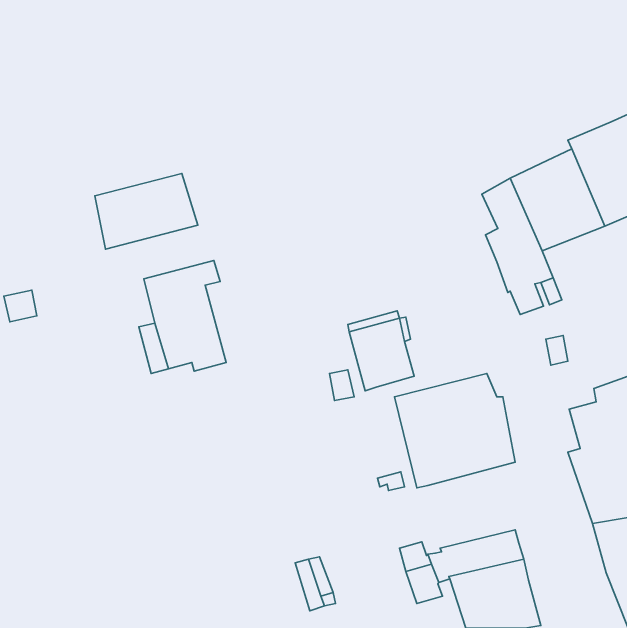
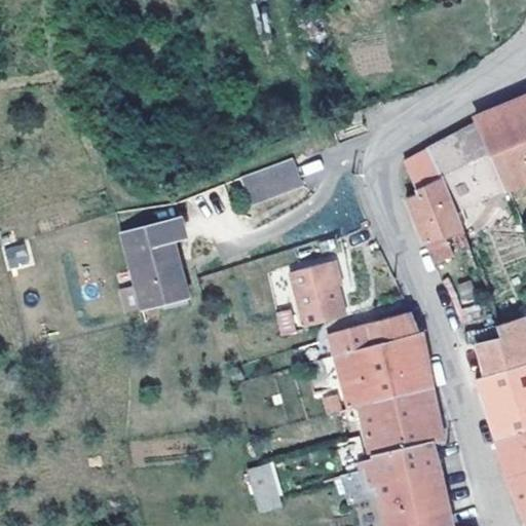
building: [95,174,198,249] -> none
building: none -> [241,158,301,204]
building: none -> [359,386,444,458]

